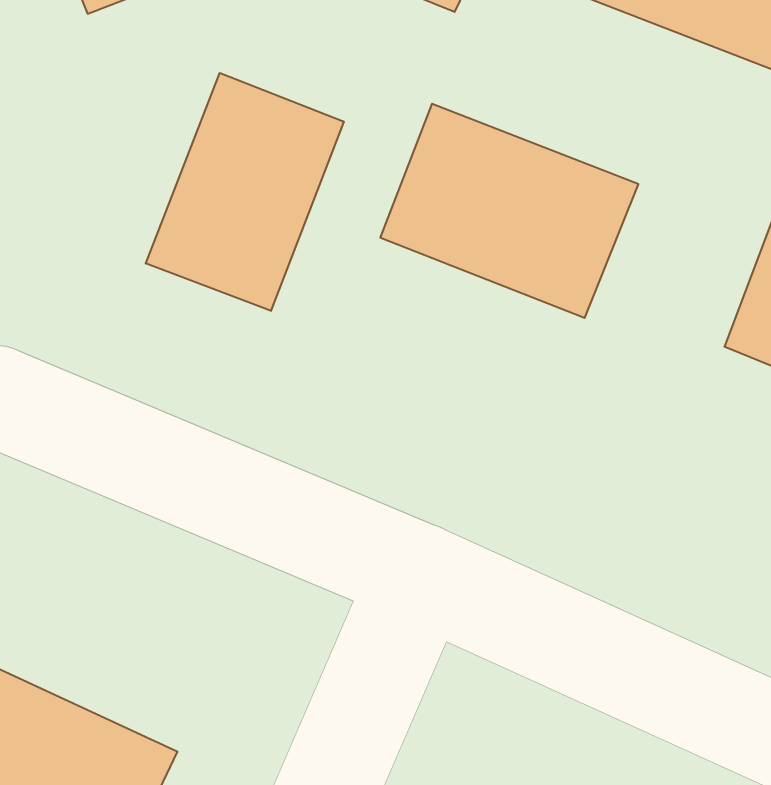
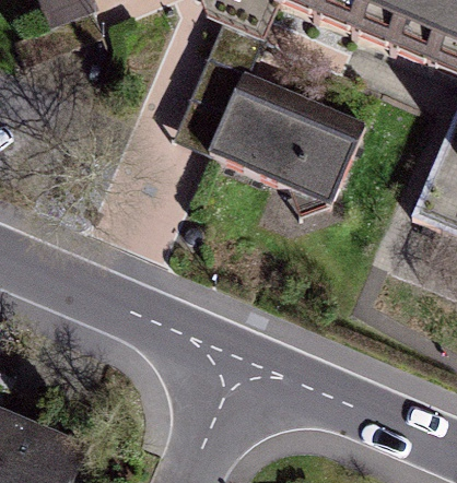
building: [146,73,344,311] -> none

